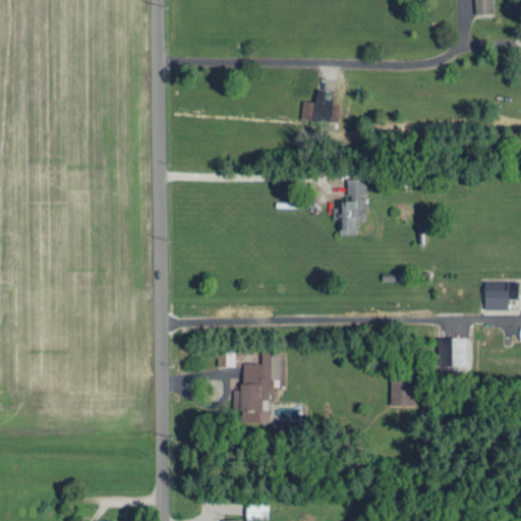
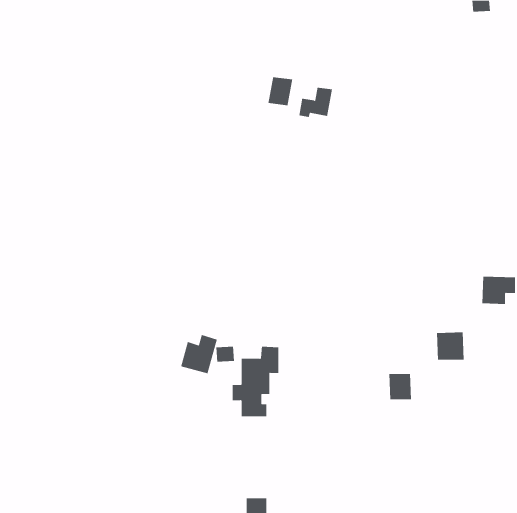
building: none -> [268,76,293,106]
building: [335,181,365,234] -> none
building: none -> [181,334,218,374]

